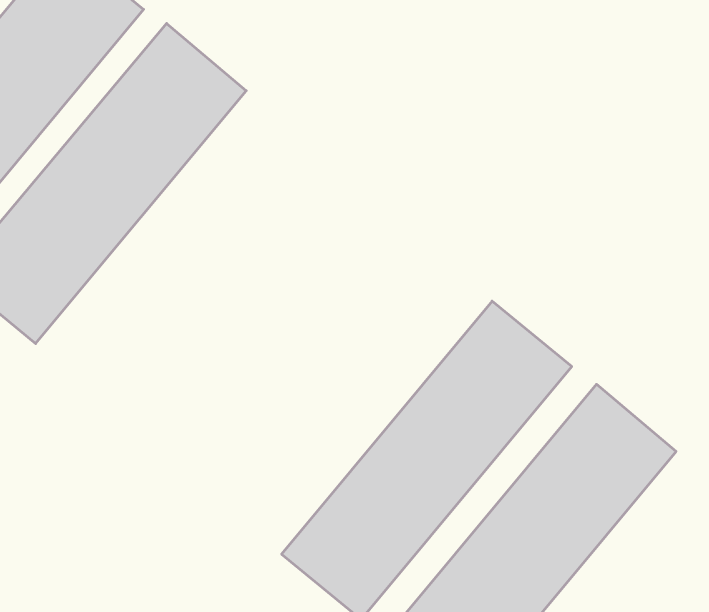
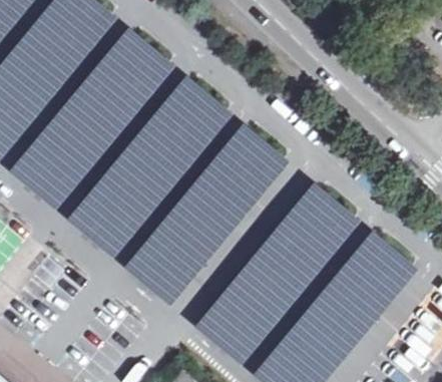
building: none -> [66,77,232,258]
building: none -> [124,125,289,307]

